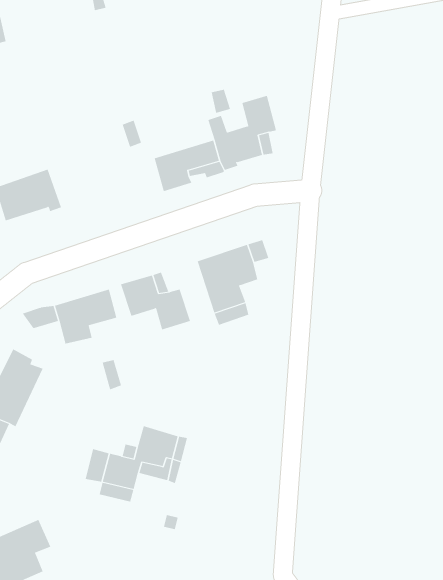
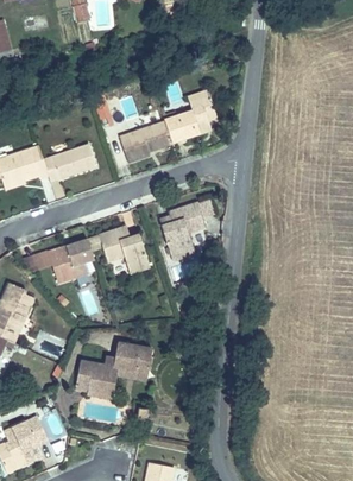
building: none -> [45,141,97,181]

